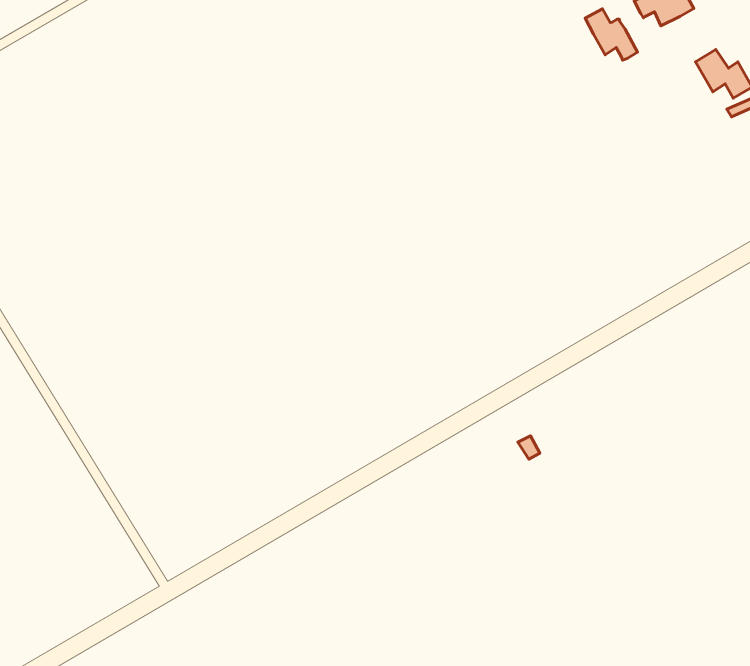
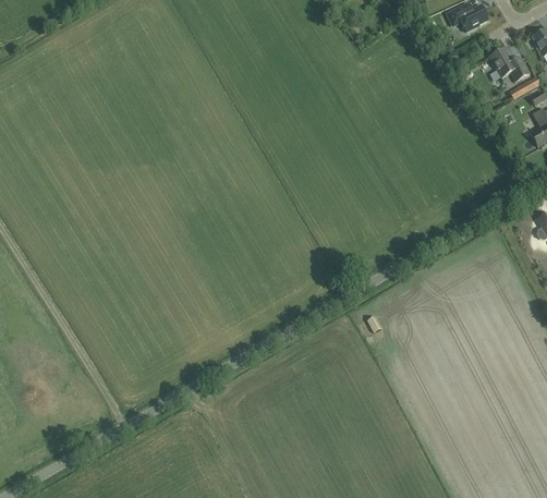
building: [585,9,637,60] -> none

